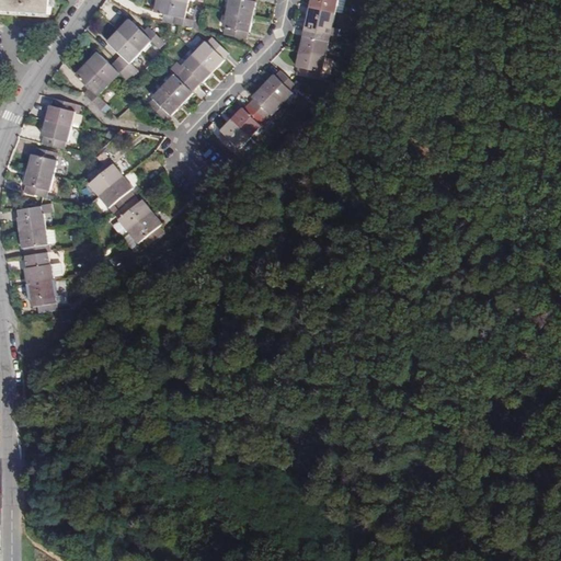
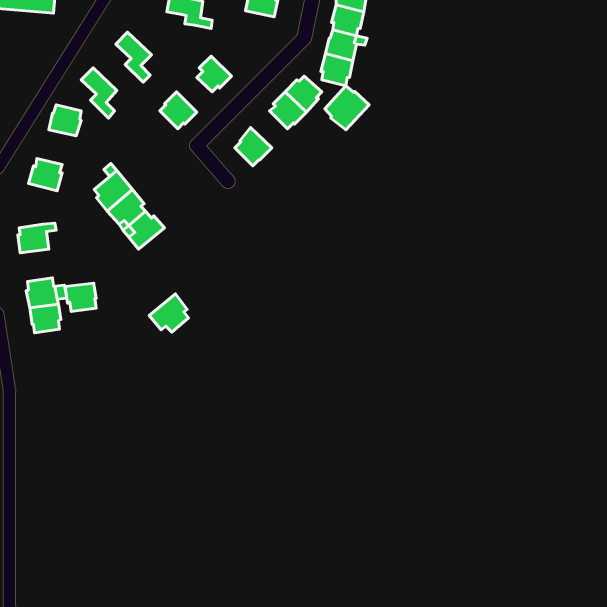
building: [222,10,252,38] -> none
building: [117,18,164,50] -> none
building: [194,37,228,70] -> none
building: [85,50,131,83] -> none
building: [162,71,195,103] -> none
building: none -> [325,86,369,130]
building: [230,102,264,136] -> none
building: [41,119,70,147] -> none
building: [23,169,53,197] -> none
building: [127,209,163,244] -> [149,294,188,332]
building: [19,229,47,255] -> [65,283,96,312]

